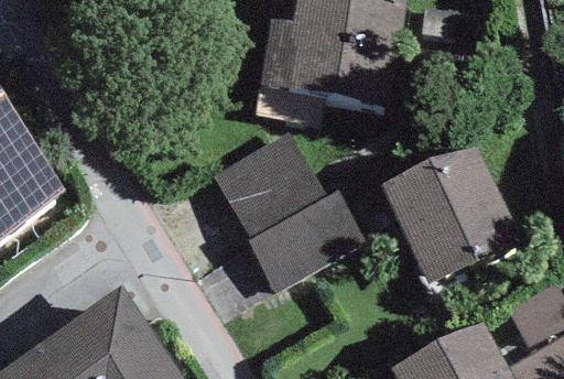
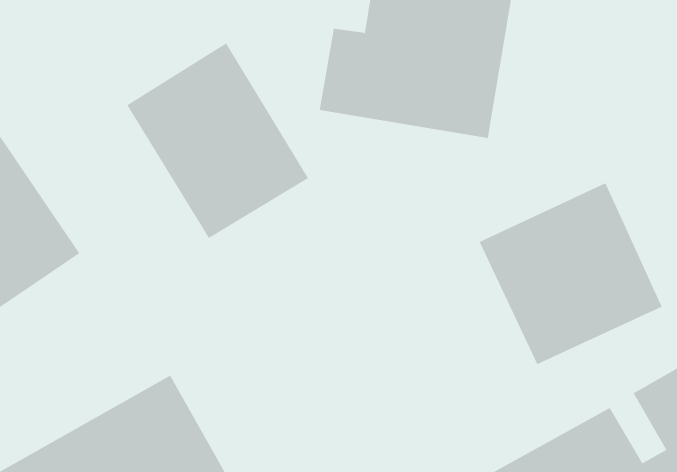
building: none -> [127,42,309,239]
building: [205,128,365,292] -> none

